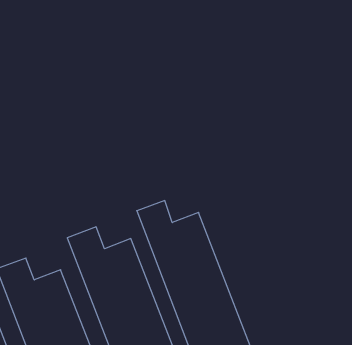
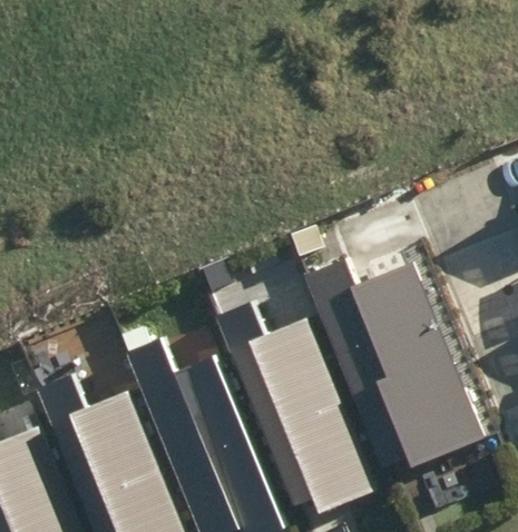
building: none -> [349,269,479,476]

